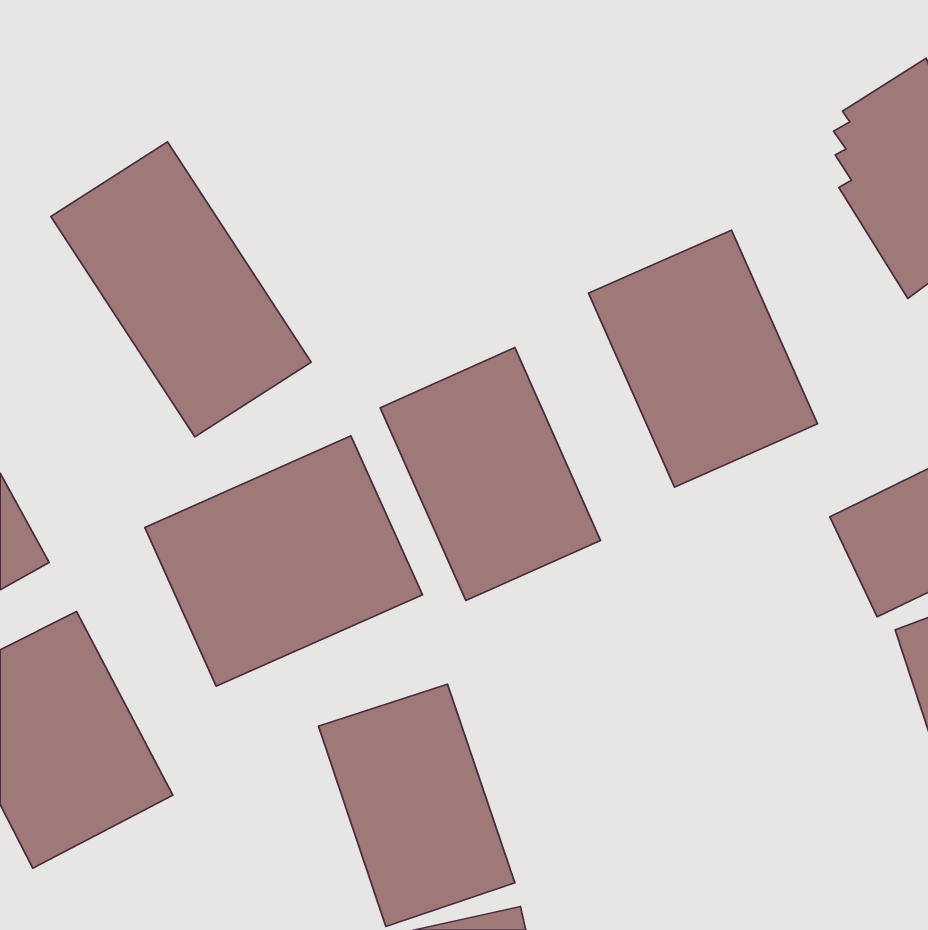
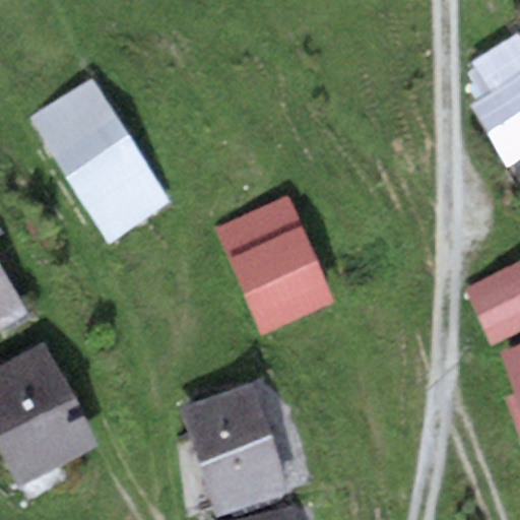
building: [588,230,818,487] -> none
building: [145,436,423,686] -> none

